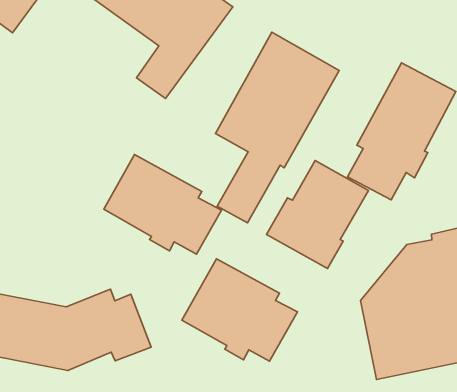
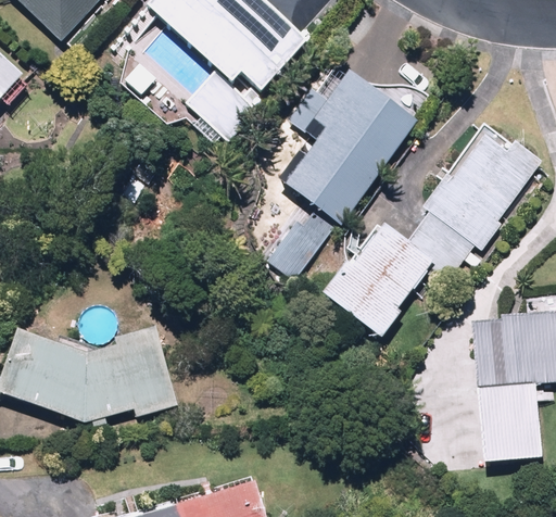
building: [104,154,221,254] -> none
building: [182,259,297,361] -> none

